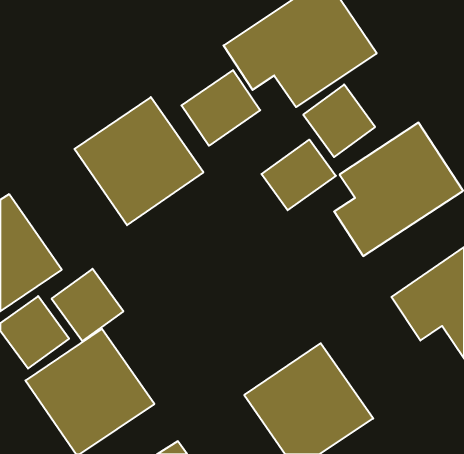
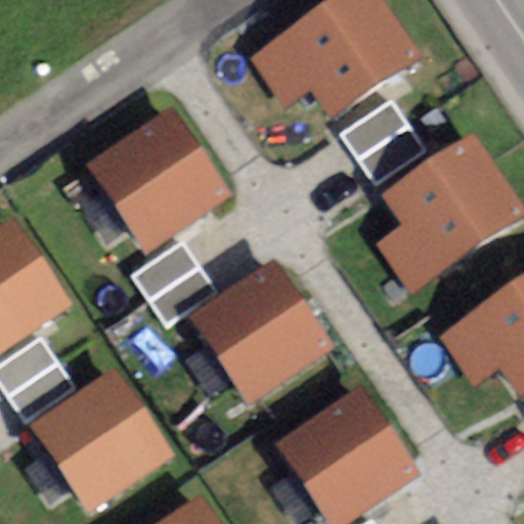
building: [181,70,260,146] -> none
building: [261,140,336,210] -> none
building: none -> [187,259,333,403]
building: [52,269,123,341] -> [134,237,215,319]

